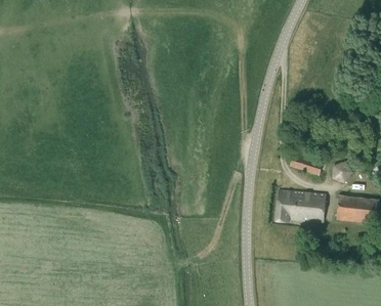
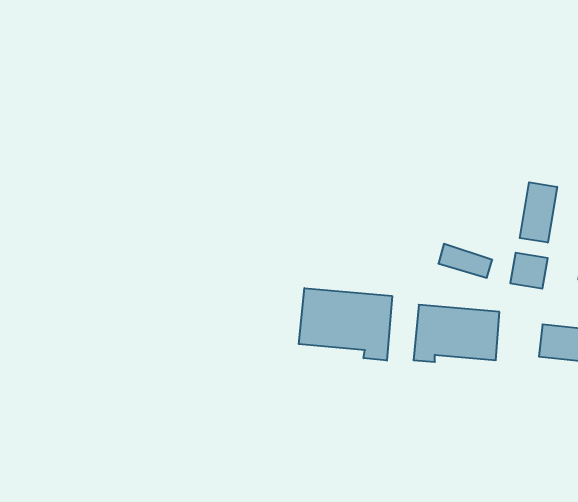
building: none -> [520,182,557,243]
building: none -> [299,288,392,361]

